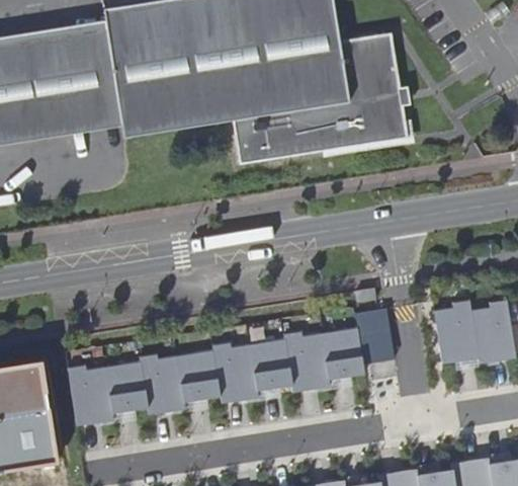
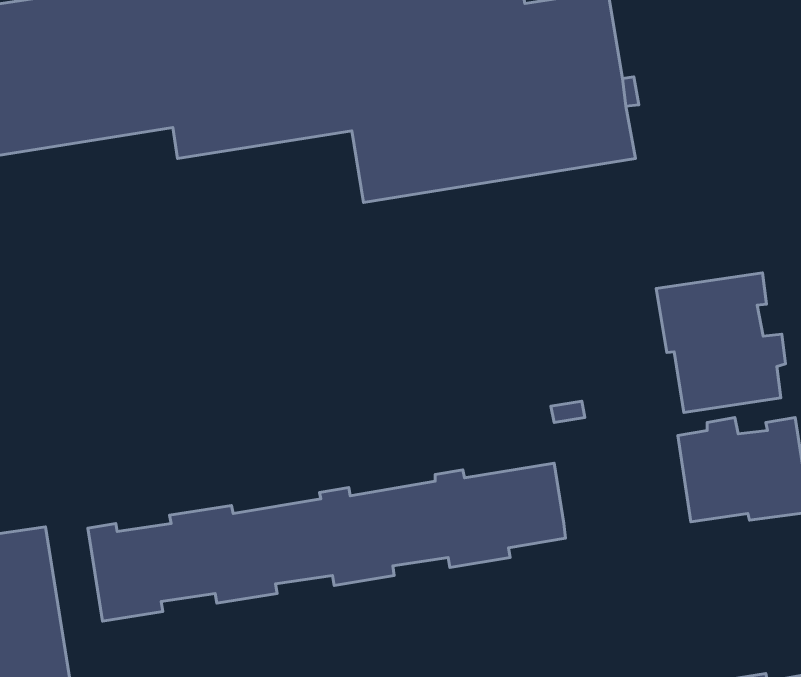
building: none -> [656,273,785,412]
building: [355,308,395,364] -> none

